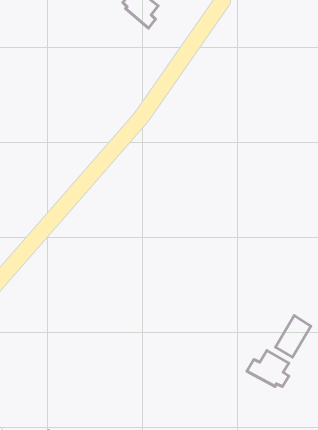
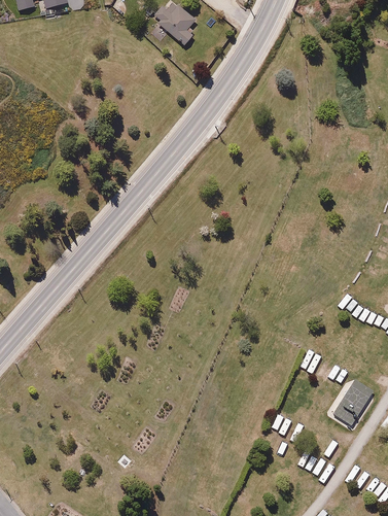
building: [247,350,289,387] -> none

